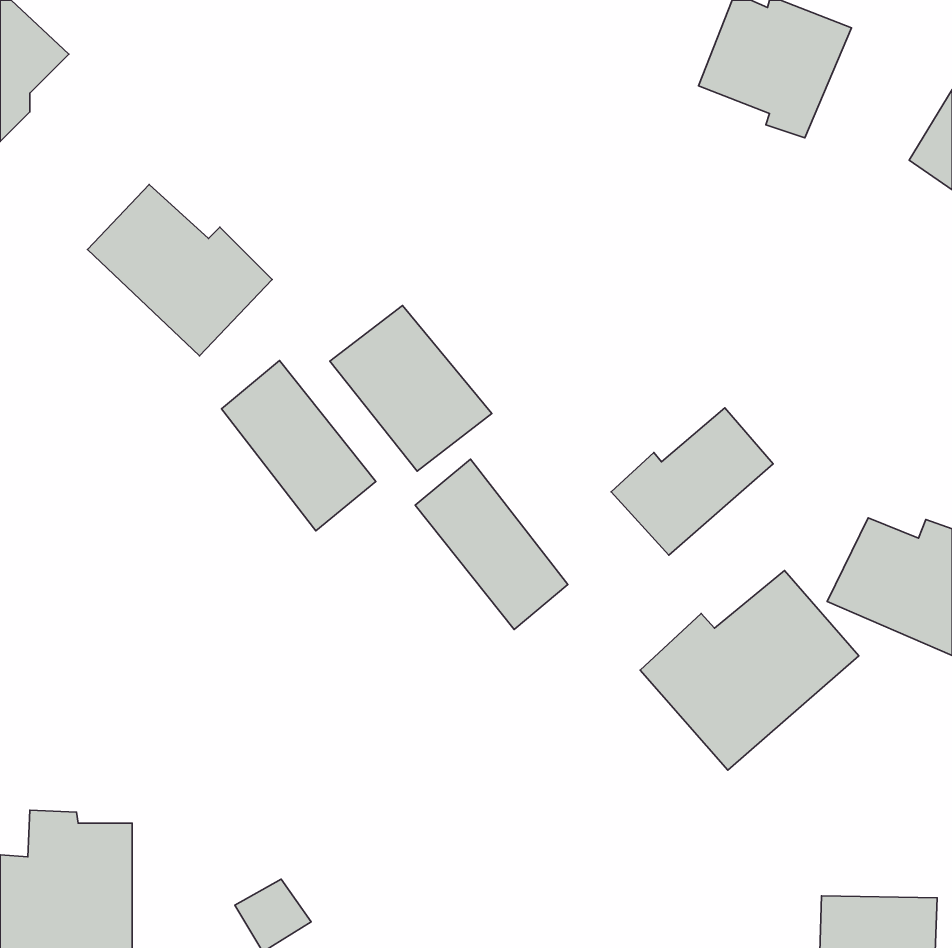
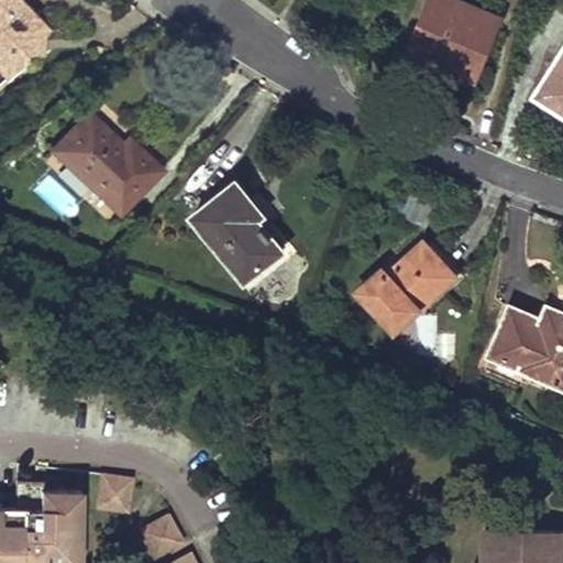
building: [221,360,376,531] -> none
building: [415,459,568,629] -> none
building: [640,570,859,770] -> none
building: none -> [92,478,128,516]

